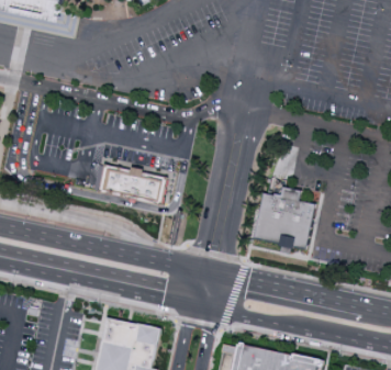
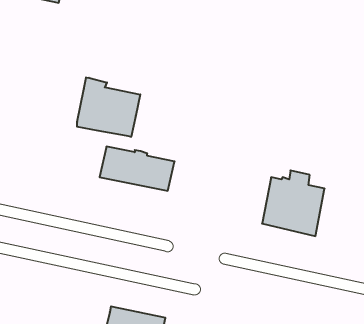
building: none -> [77,77,140,137]

